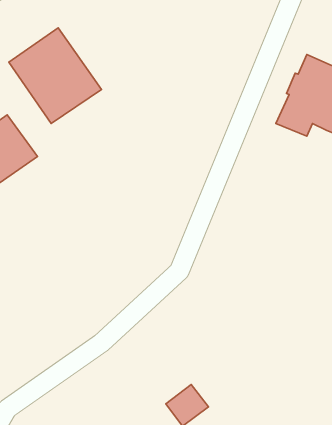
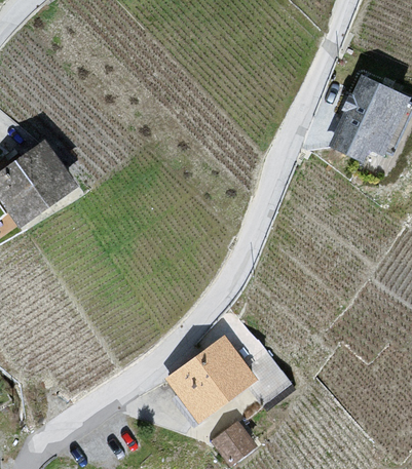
building: [9,28,101,123] -> none
building: none -> [165,336,257,423]

